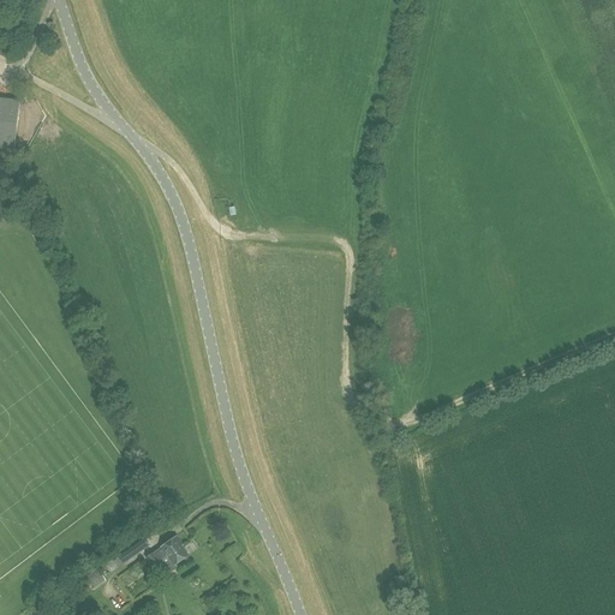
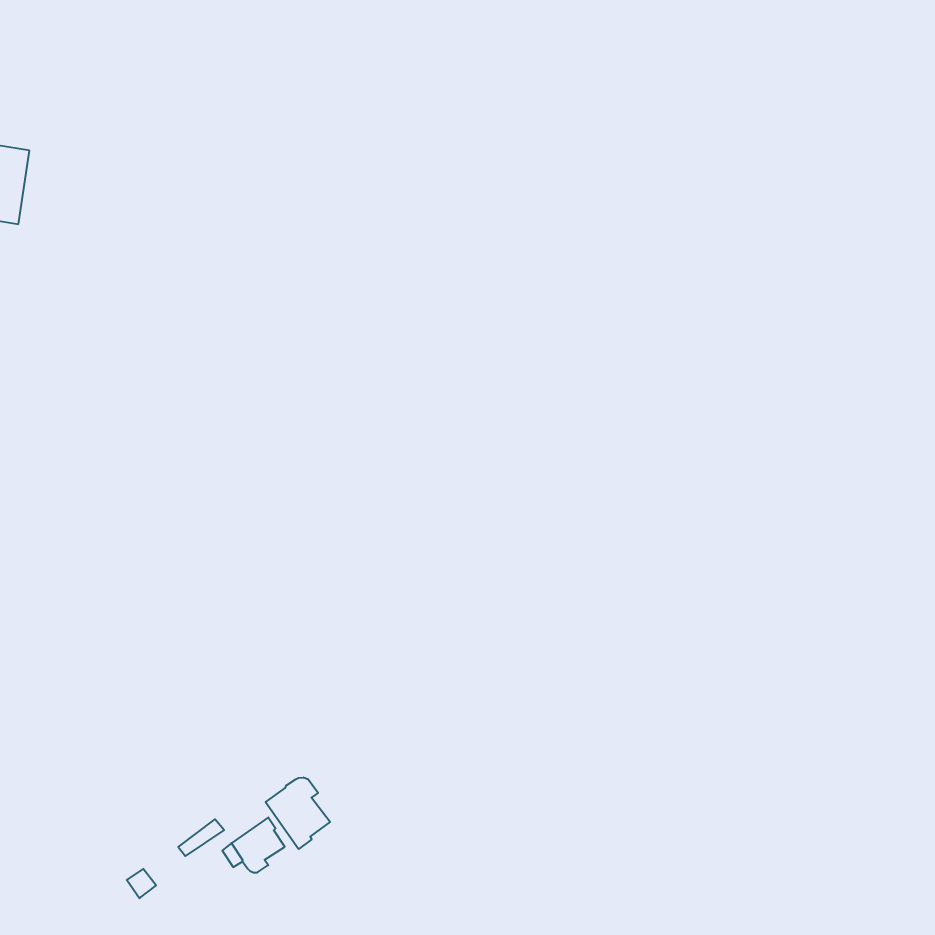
building: none -> [266,777,330,849]

